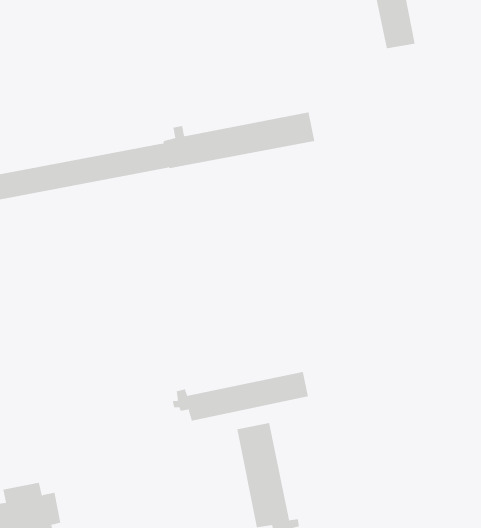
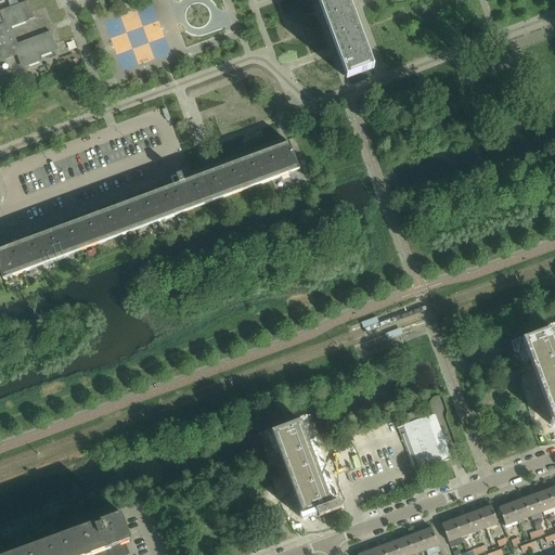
building: [172,371,309,422] -> none
building: none -> [398,412,450,470]

